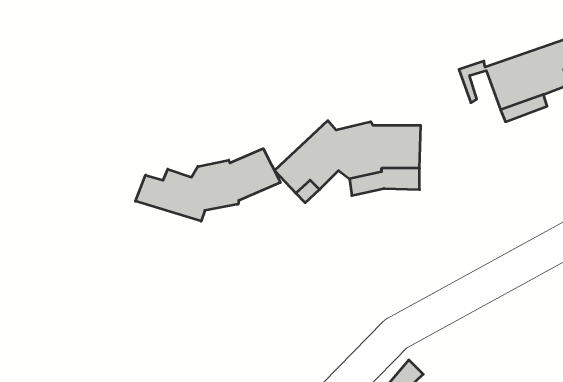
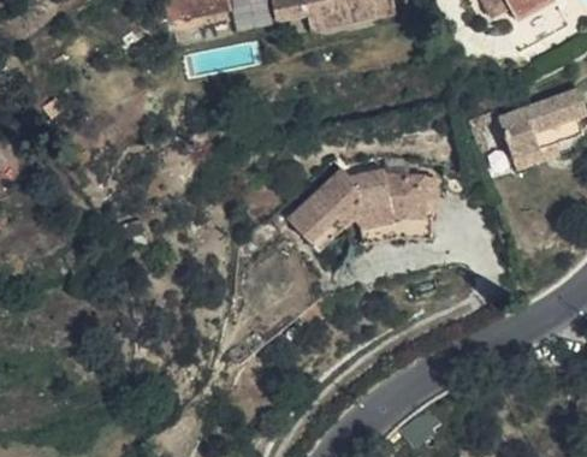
building: [135,149,280,221] -> none

